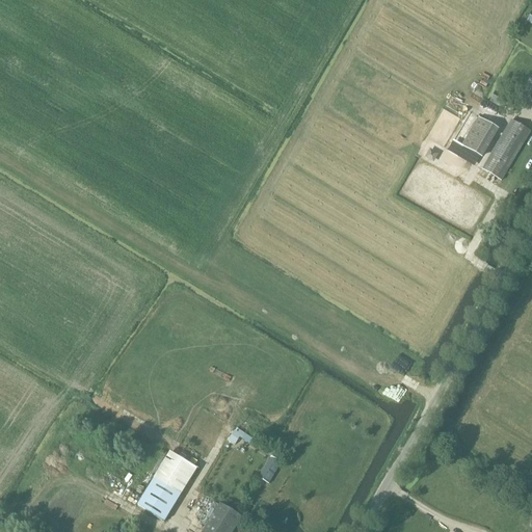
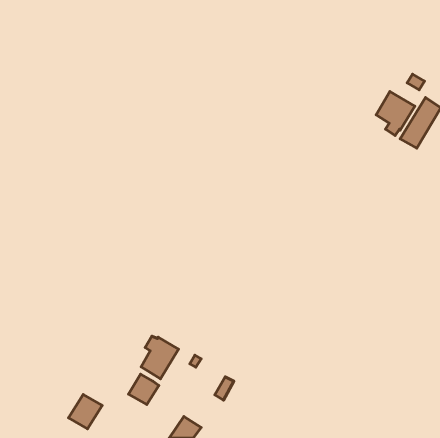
building: none -> [141,336,179,379]
building: [138,475,179,516] -> [68,394,102,429]

